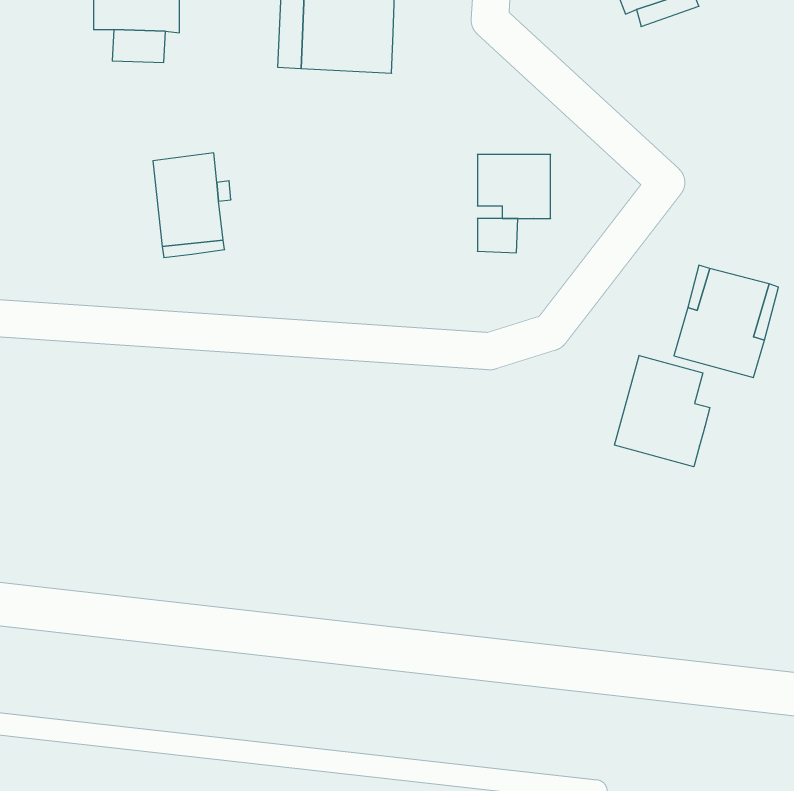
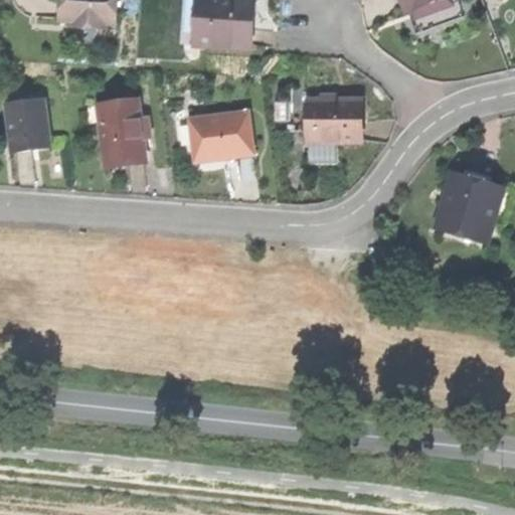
building: none -> [6,99,49,150]
building: none -> [191,112,252,160]
building: [615,355,710,467] -> none

